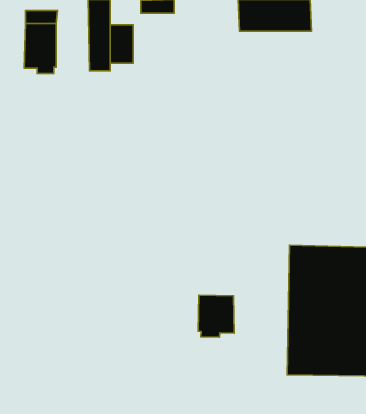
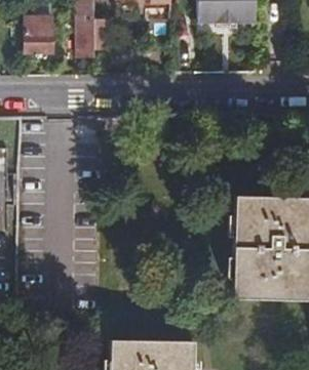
building: [198,295,234,337] -> none

